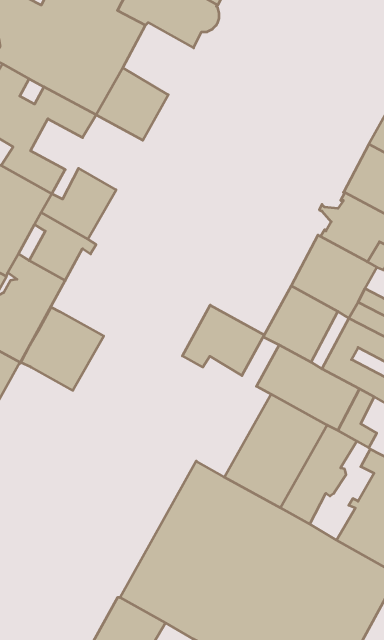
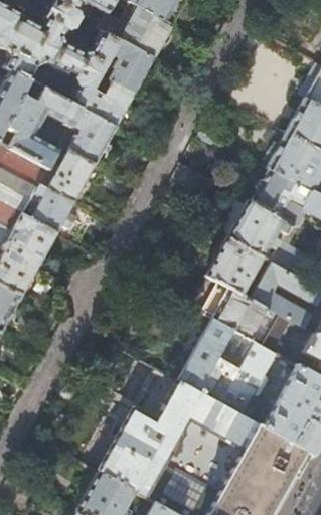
building: none -> [100,40,153,95]
building: none -> [66,110,115,166]
building: [182,305,264,376] -> none
building: [21,307,104,390] -> none

